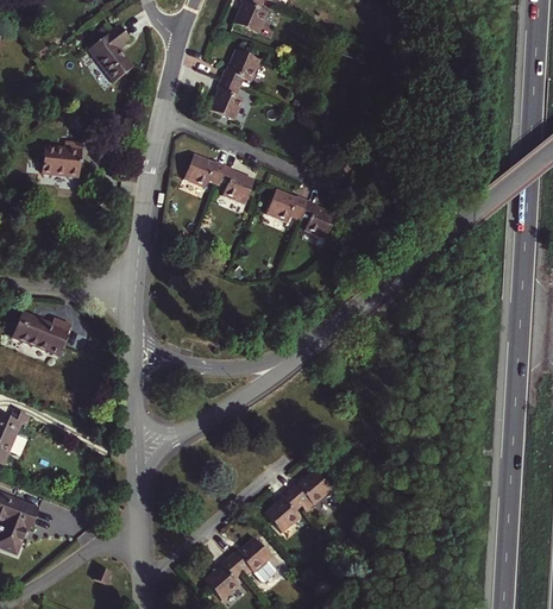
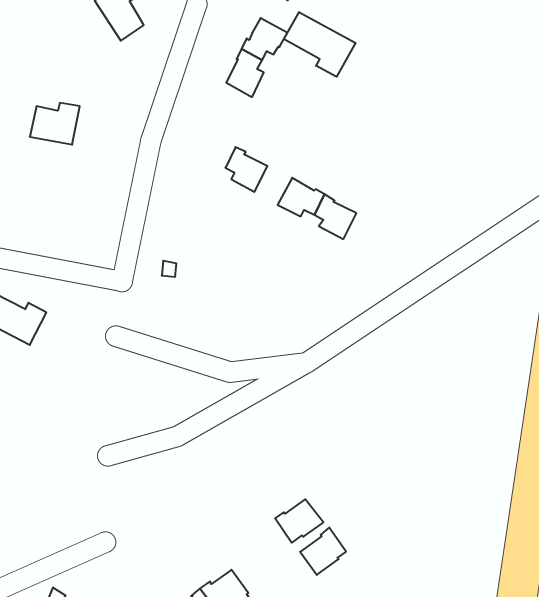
building: none -> [284,12,356,77]
building: [184,155,225,187] -> none
building: [265,489,306,532] -> [300,527,346,575]

